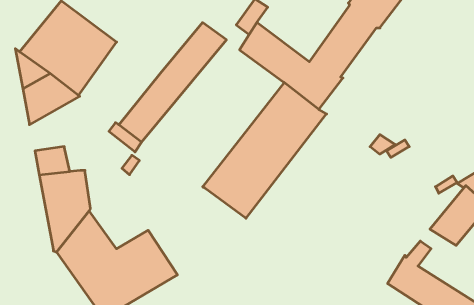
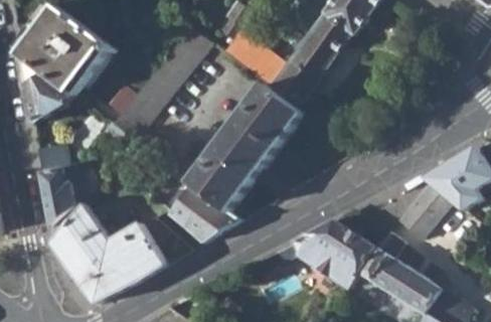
building: none -> [167,182,238,239]
building: none -> [276,219,375,286]

